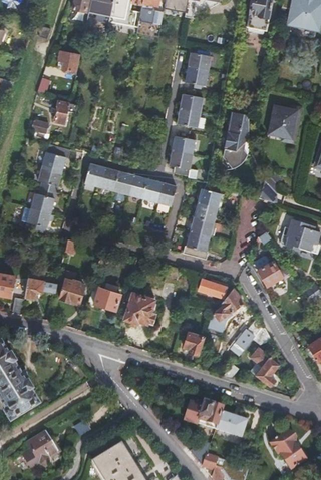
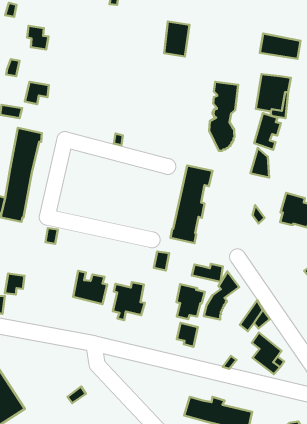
building: none -> [260,34,300,59]
building: [178,94,202,126] -> none
building: [170,136,195,174] -> none
building: none -> [254,113,281,150]
building: [83,163,174,204] -> none
building: [255,257,290,285] -> none
building: [59,279,84,303] -> none
building: none -> [177,284,205,319]

